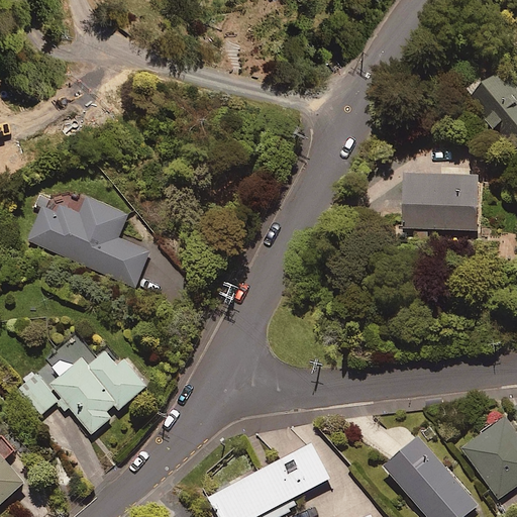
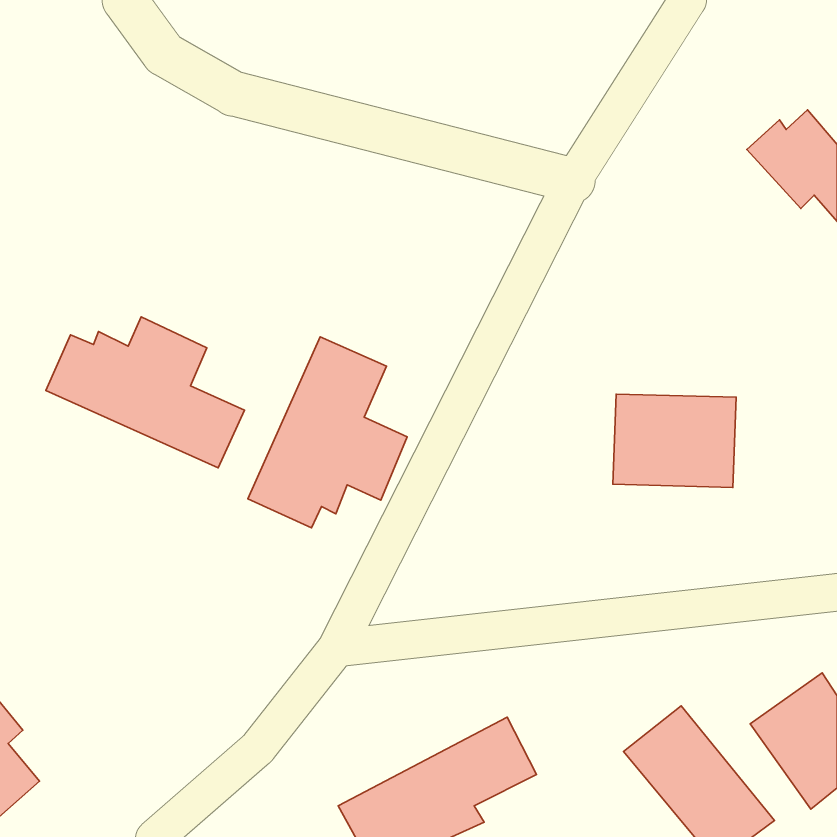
building: [403,172,479,229] -> [613,394,736,488]
building: none -> [248,337,407,528]
building: [17,350,146,432] -> none

